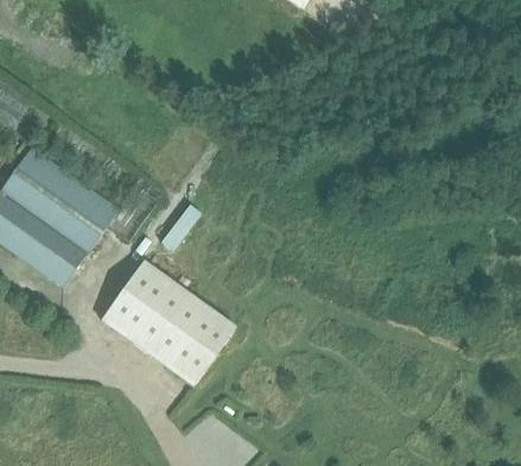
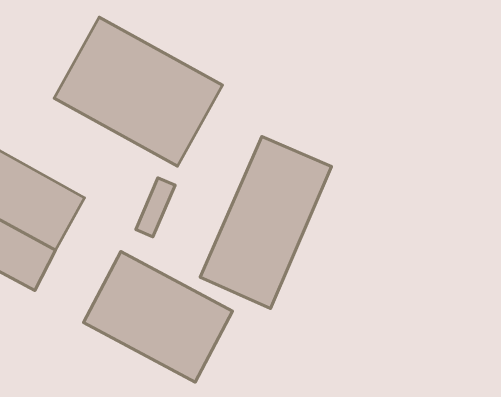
building: none -> [54,17,223,166]
building: none -> [200,137,331,309]

